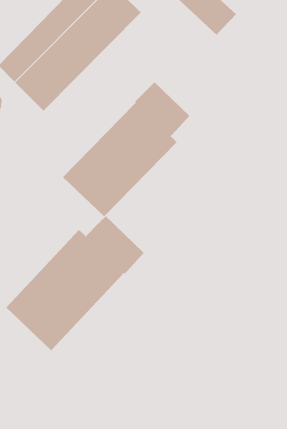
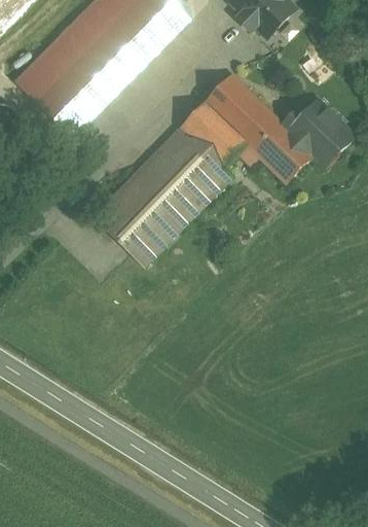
building: none -> [206,72,356,180]
building: [6,215,145,351] -> none

